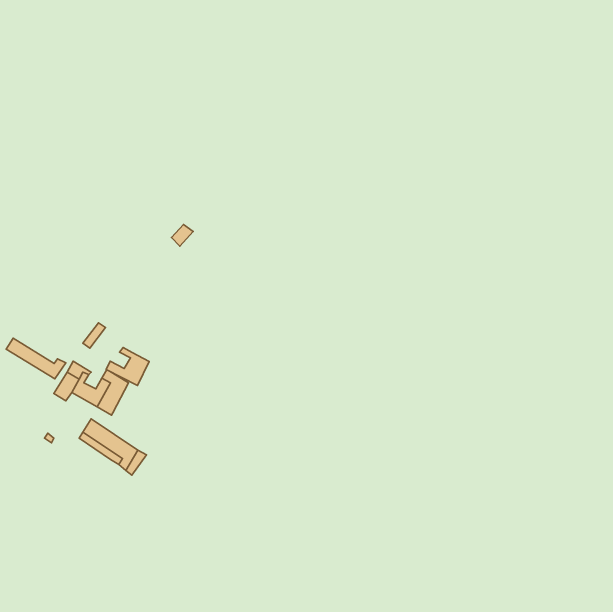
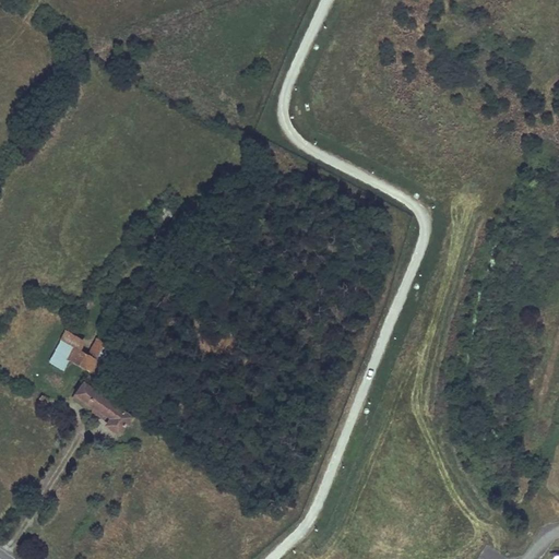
building: [6,338,66,379] -> none
building: [106,347,149,386] -> none

